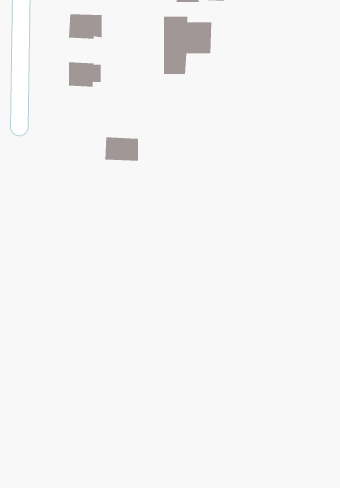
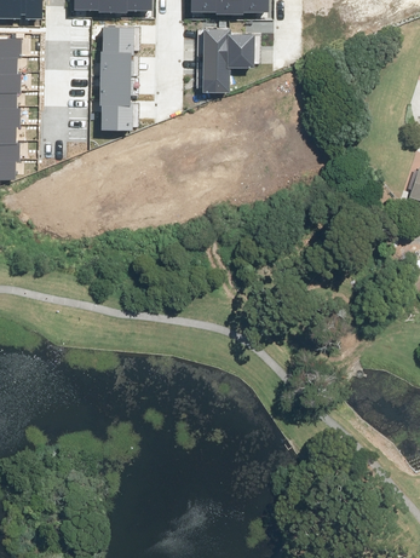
building: none -> [102,51,137,77]
building: [104,137,139,161] -> [100,102,137,127]

